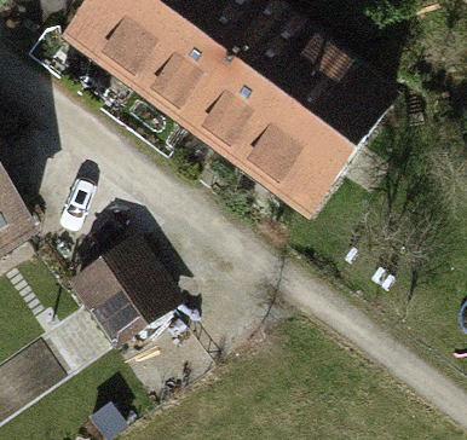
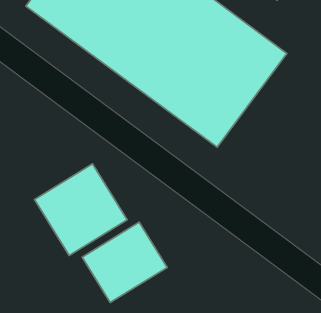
building: none -> [82,222,167,302]

